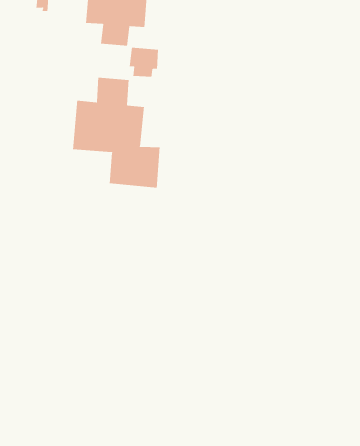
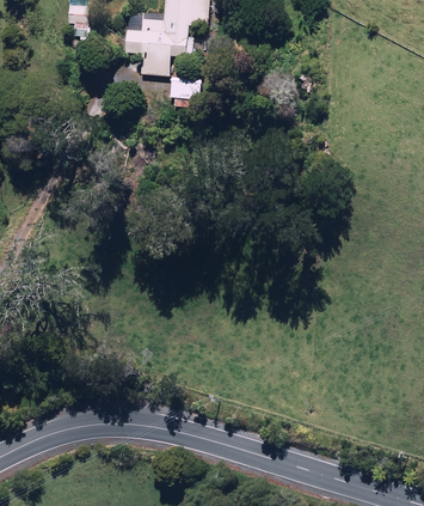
building: [73,77,160,188] -> none

